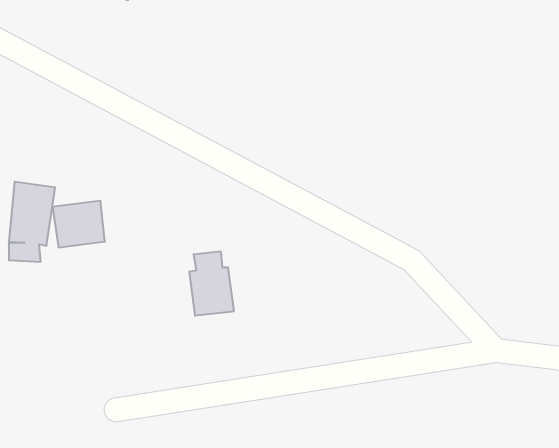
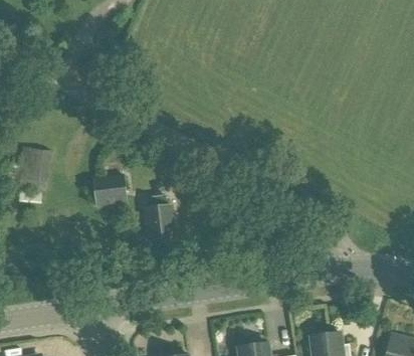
building: [53,201,105,247] -> [90,175,127,207]

